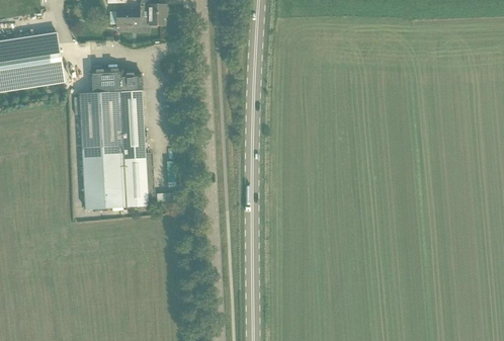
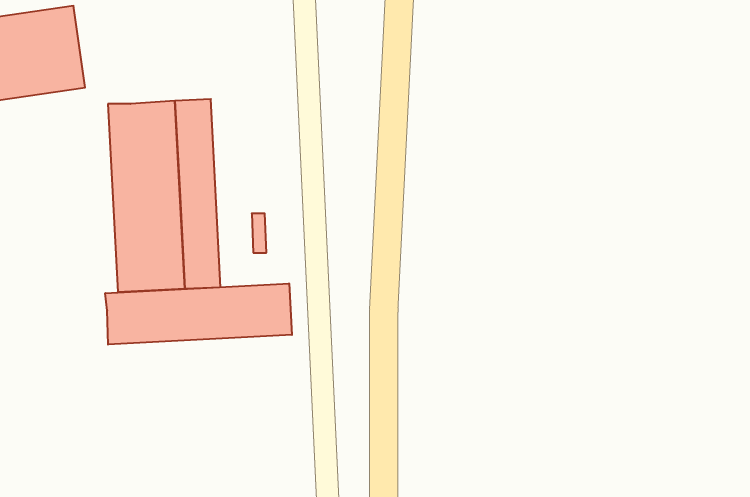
building: [91,70,142,93] -> none
building: none -> [105,283,292,345]

